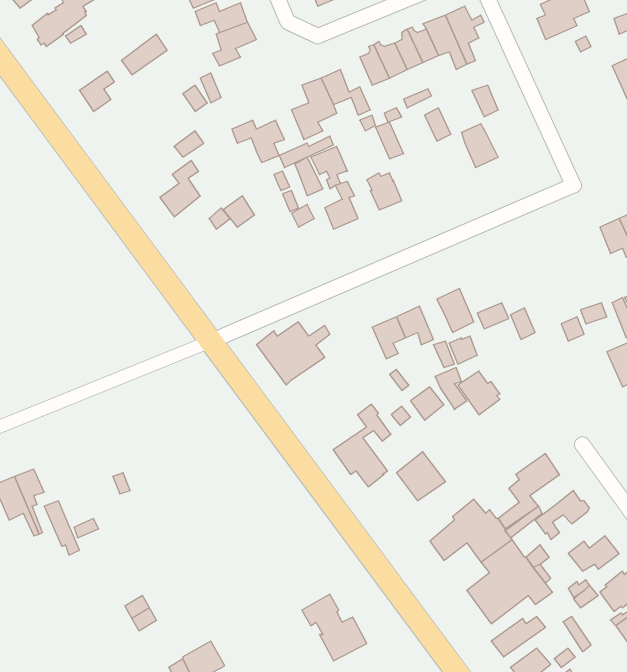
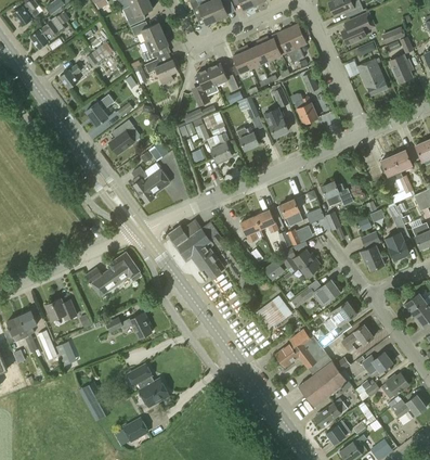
building: none -> [357,59,388,94]
building: none -> [86,94,115,126]
building: [232,120,284,162] -> [145,59,178,85]
building: none -> [264,106,289,137]
building: none -> [132,166,170,203]
building: none -> [322,181,354,205]
building: none -> [361,231,385,270]
building: none -> [86,252,142,296]
building: [333,404,391,487] -> [191,227,226,278]
building: none -> [300,279,341,306]
building: none -> [45,297,77,320]
building: none -> [106,312,152,338]
building: [302,594,367,661] -> [129,365,169,406]

